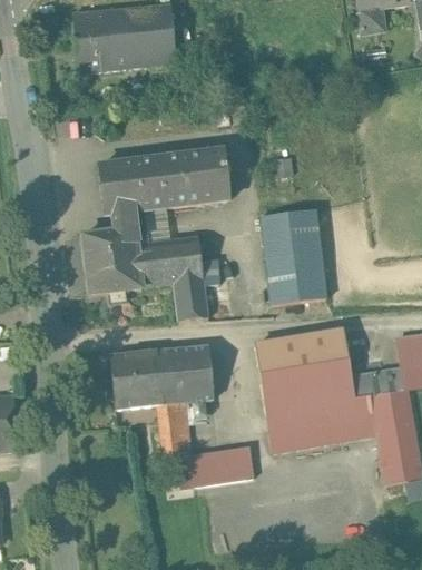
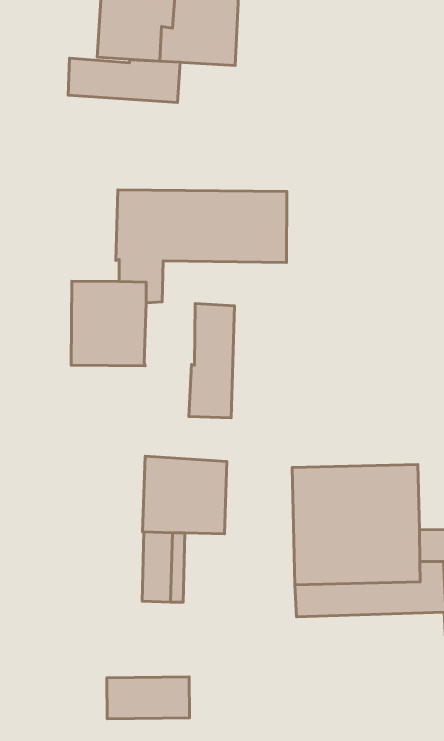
building: none -> [68,58,180,103]
building: [258,208,325,304] -> none
building: [135,238,175,285] -> none
building: [110,351,155,409] -> none
building: [187,448,249,485] -> [107,677,190,719]

